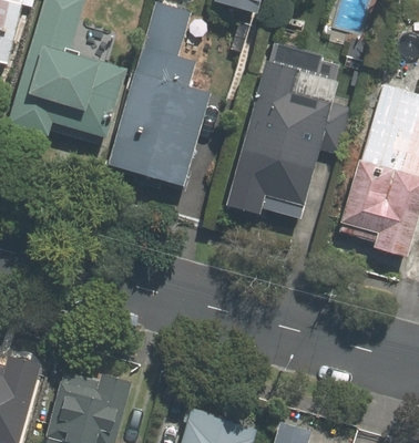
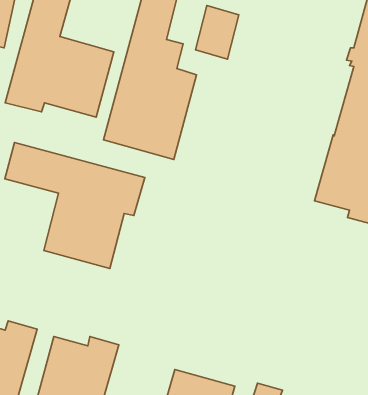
building: [227,60,344,217] -> none
building: none -> [5,143,145,268]

